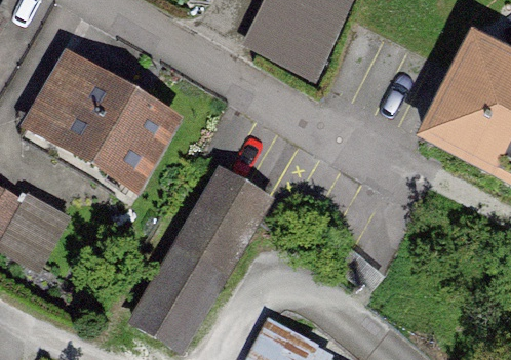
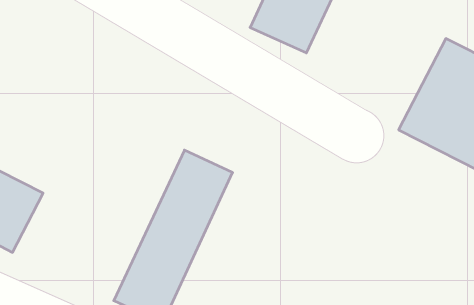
building: [31,56,179,188] -> none

